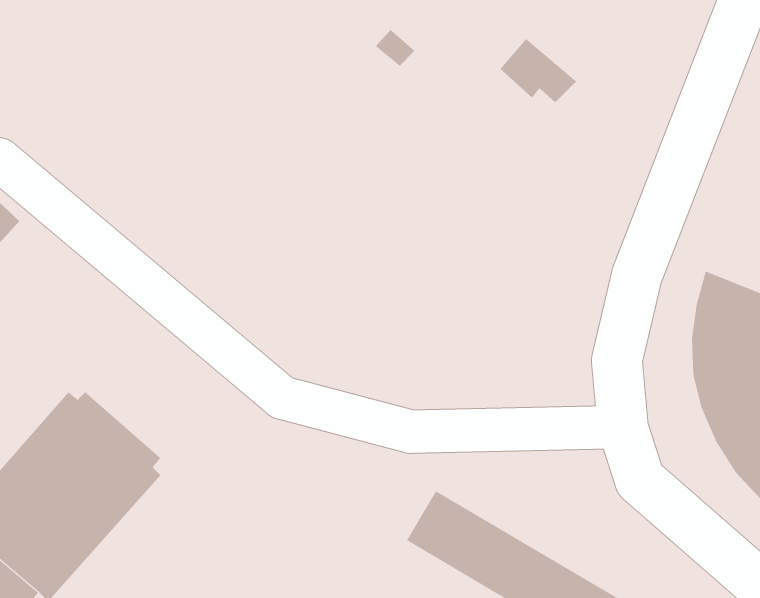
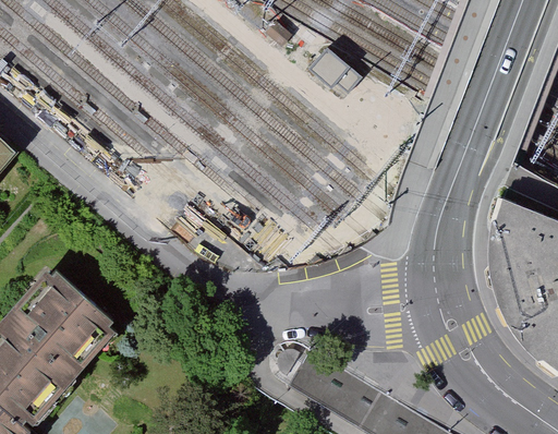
building: [500,38,577,103] -> [310,48,364,94]

